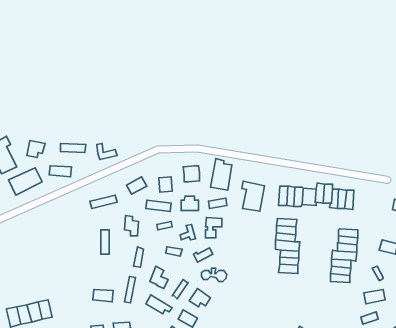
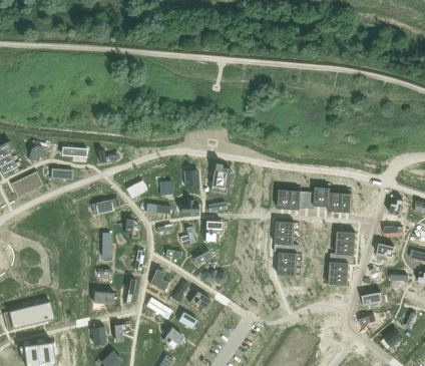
building: [242,181,264,211] -> none

